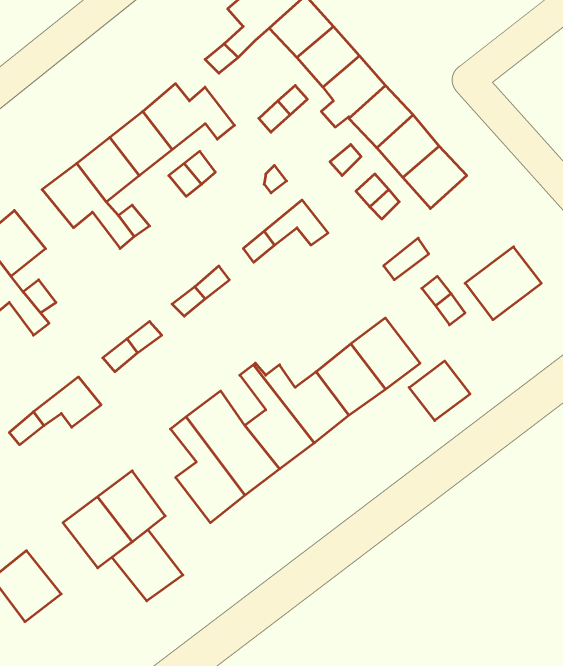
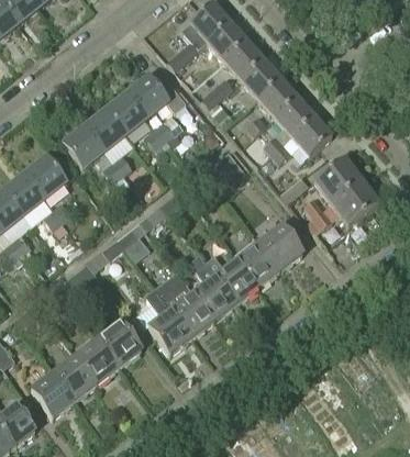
building: none -> [313,156,362,202]
building: [409,361,470,421] -> none
building: [112,530,183,601] -> [53,354,98,399]

